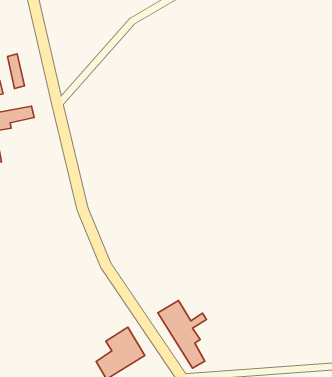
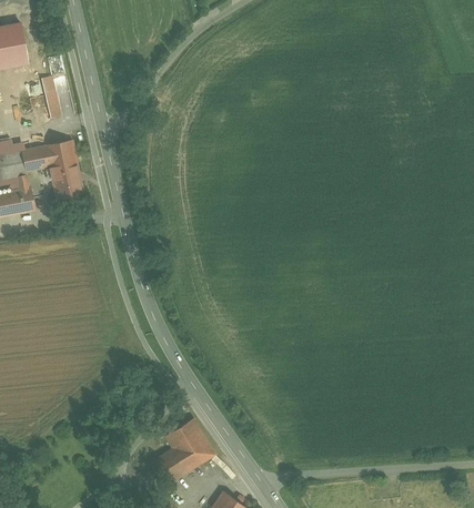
building: none -> [46,155,83,199]
building: [158,301,206,368] -> none

